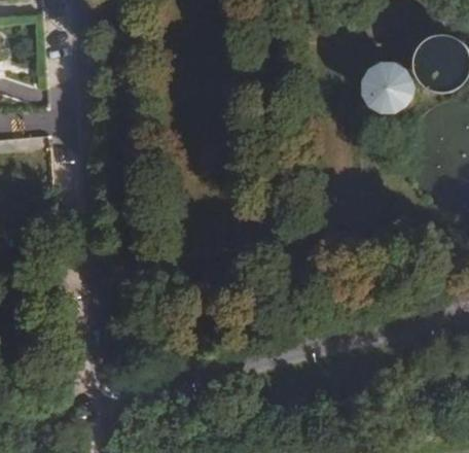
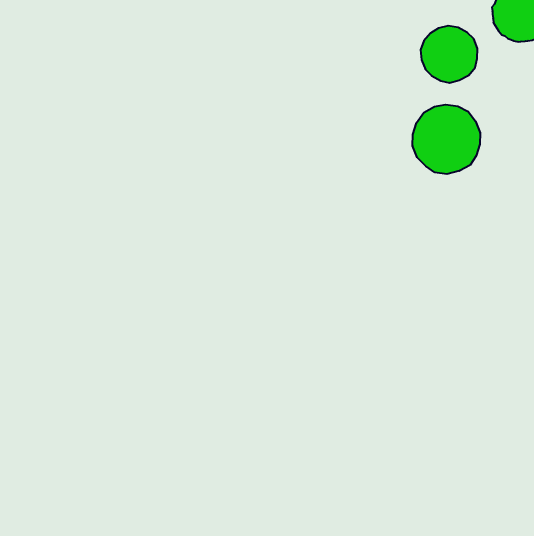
building: none -> [413,105,480,174]

